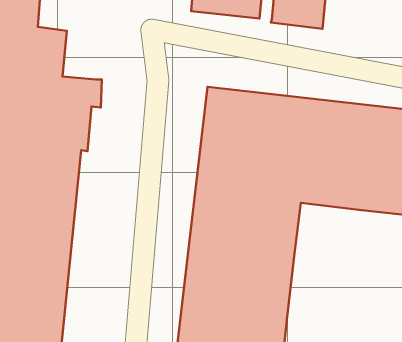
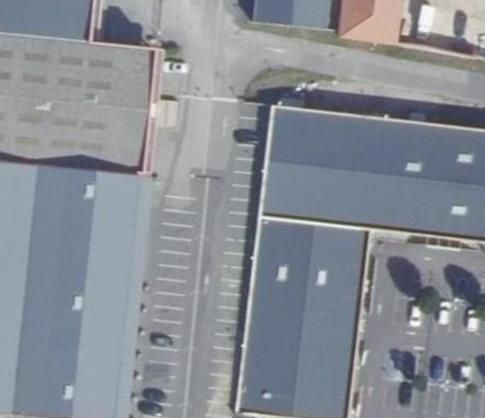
building: none -> [117,44,156,96]

